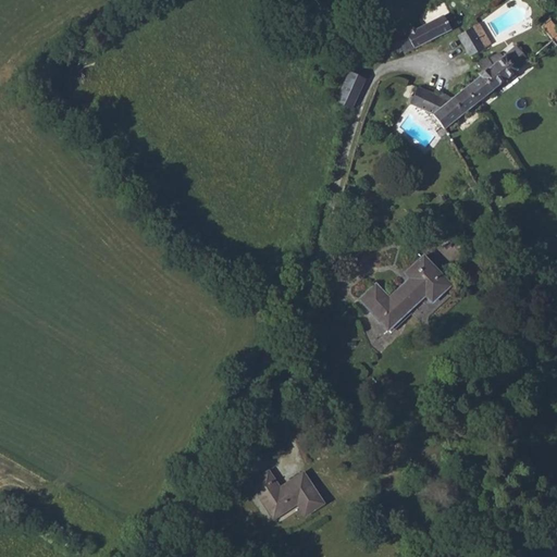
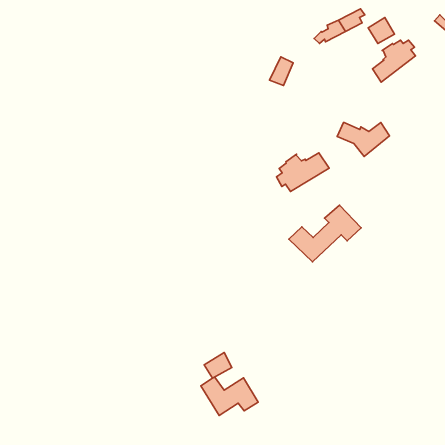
building: [411,86,476,128] -> [337,123,390,157]
building: none -> [277,153,329,191]
building: none -> [204,353,232,378]

